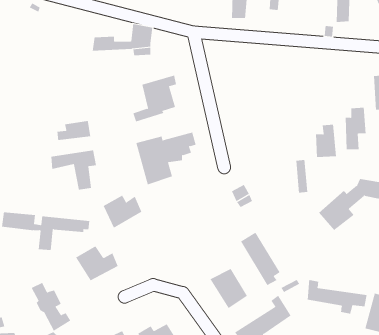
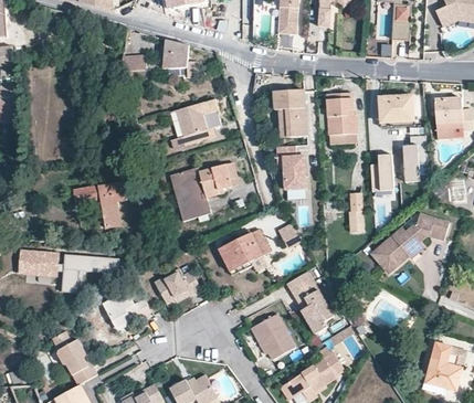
building: none -> [273,89,305,137]
building: none -> [378,94,412,121]
building: none -> [326,97,357,140]
building: none -> [274,145,305,190]
building: [57,120,91,141] -> none
building: none -> [220,229,271,271]
building: [103,195,142,229] -> [157,267,201,305]
building: [307,279,367,315] -> none

